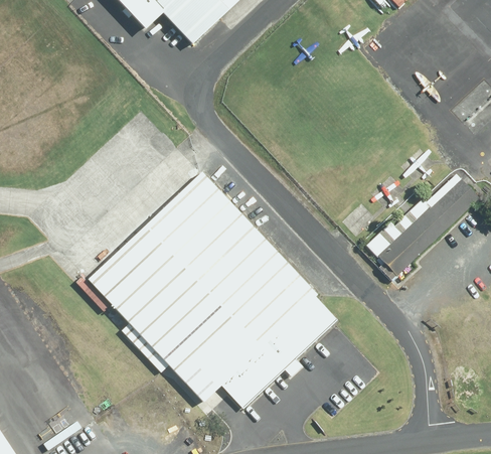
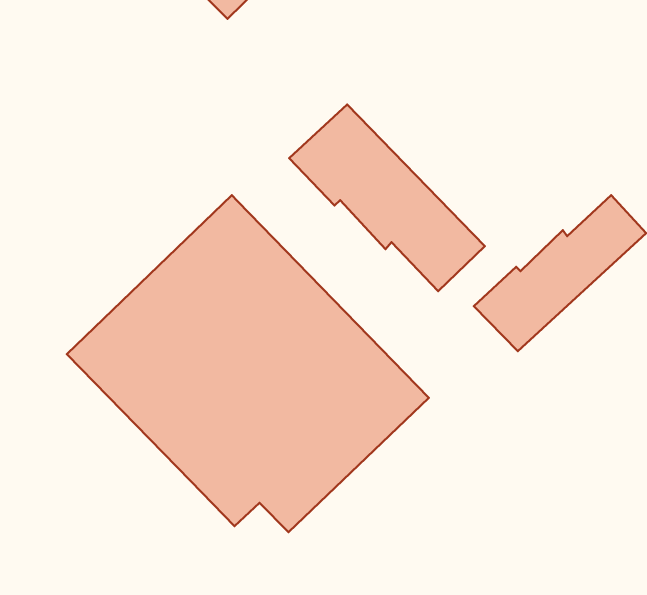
building: none -> [289,104,485,291]

